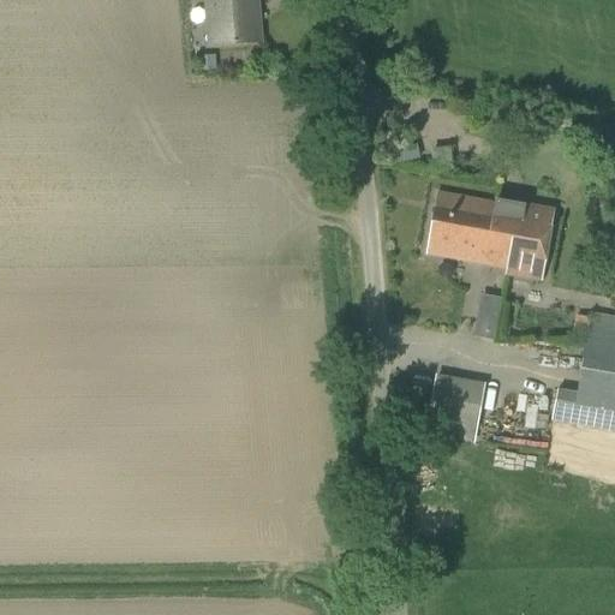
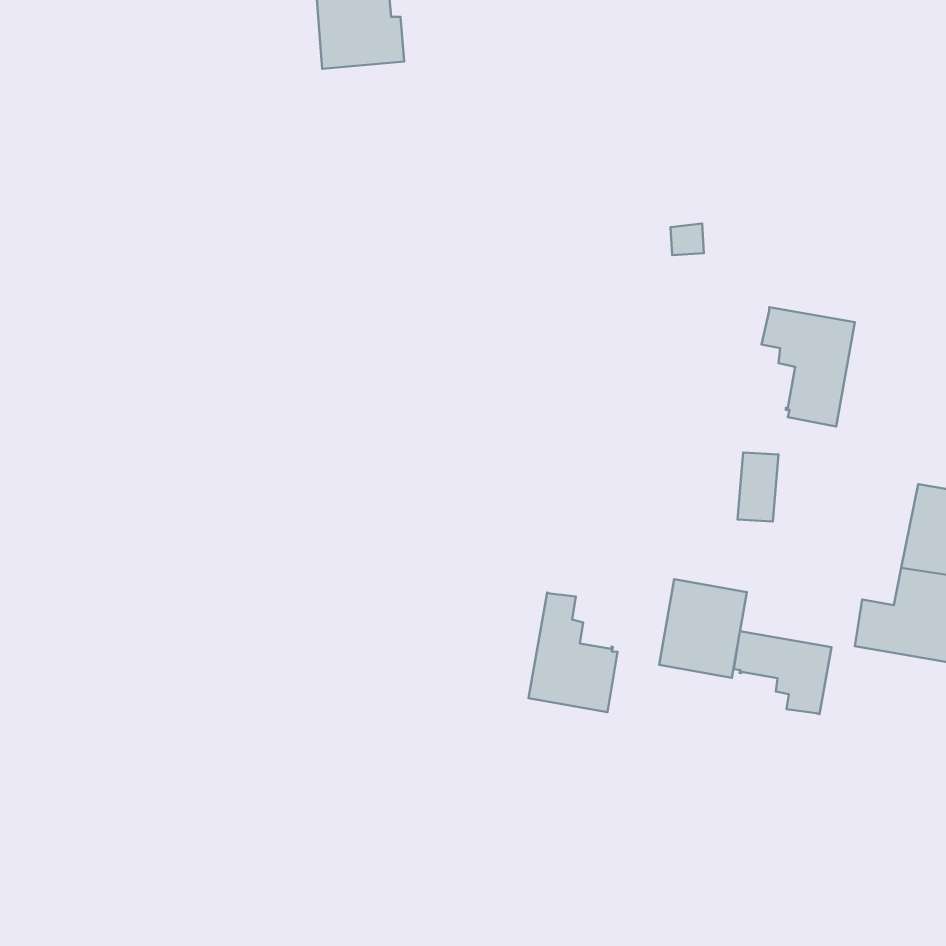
building: [429,190,517,264] -> none
building: none -> [529,592,618,712]
building: none -> [734,631,831,714]

